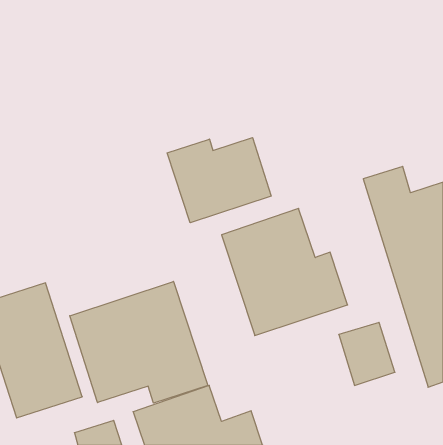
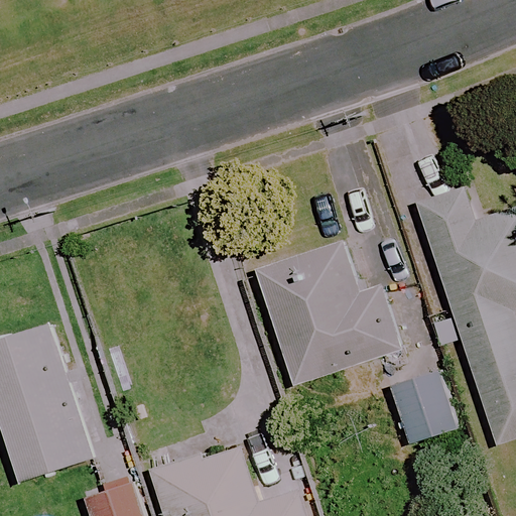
building: [167,138,271,223] -> none
building: [70,281,208,403] -> none

